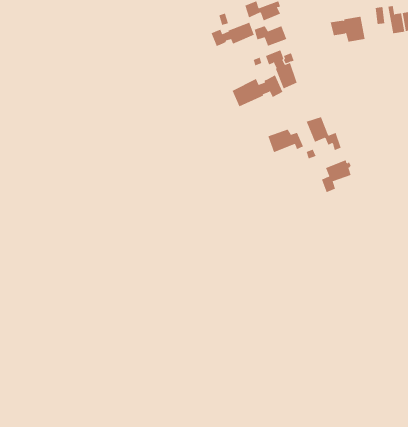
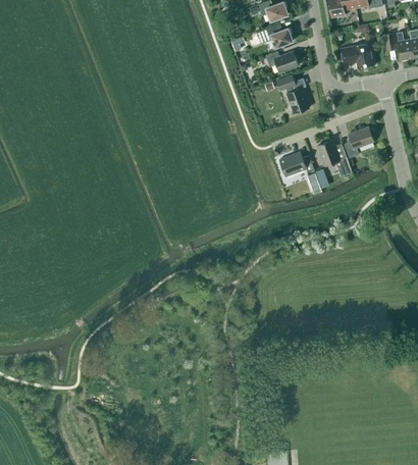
building: [211,22,254,47] -> none
building: [232,75,283,107] -> none
building: [321,160,351,193] -> [344,125,373,158]

